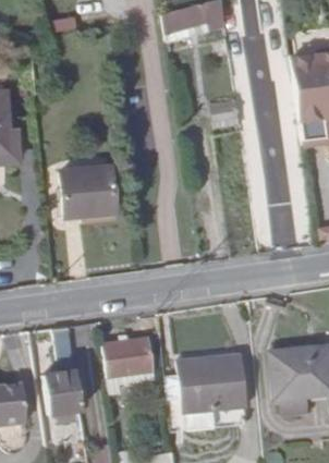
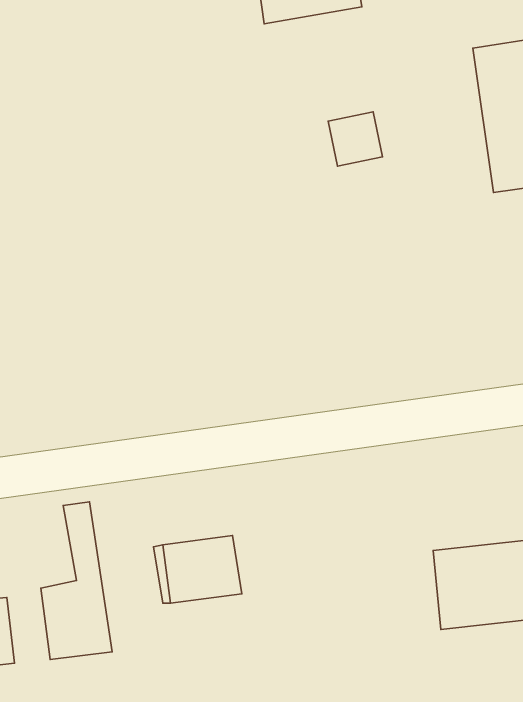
building: [64,161,119,214] -> none
building: [170,355,247,414] -> none

